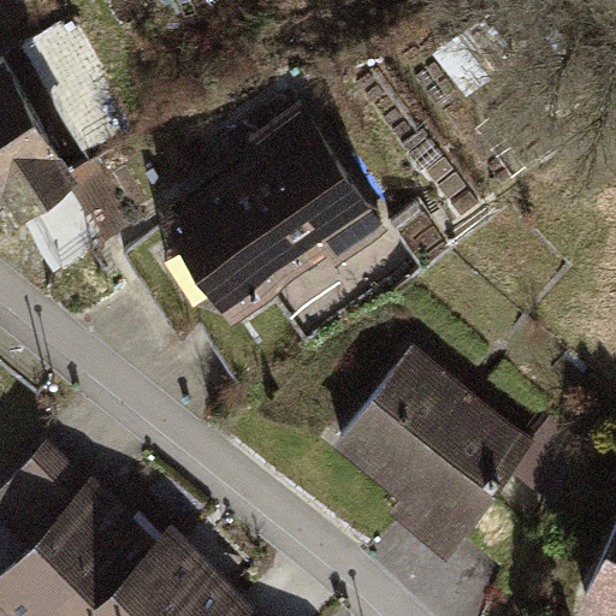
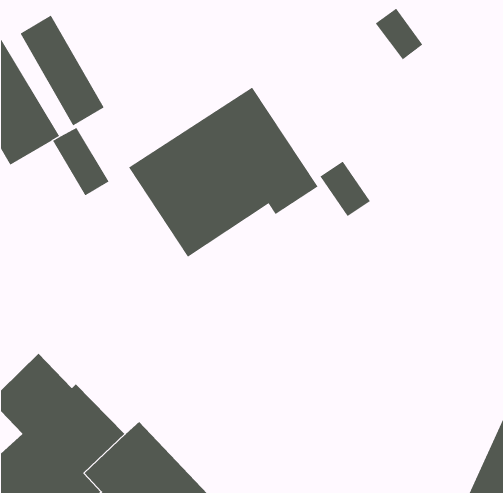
building: [333,346,539,559] -> none

